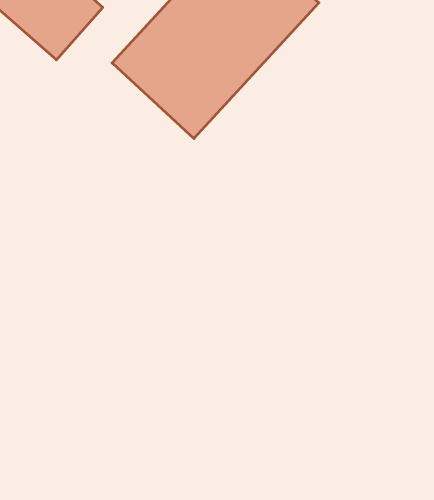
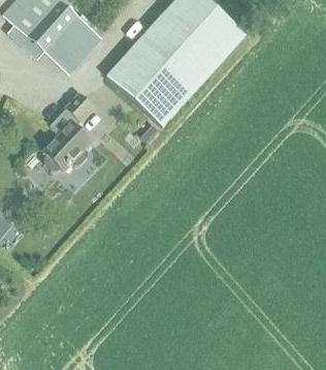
building: none -> [44,94,93,169]

